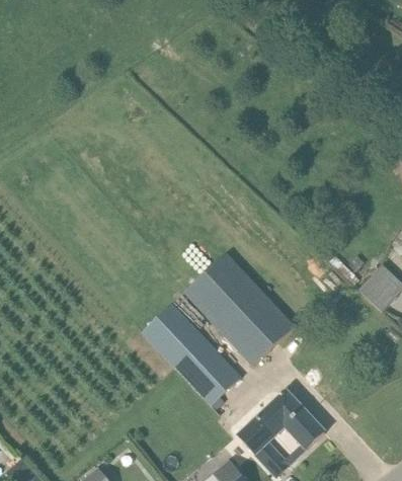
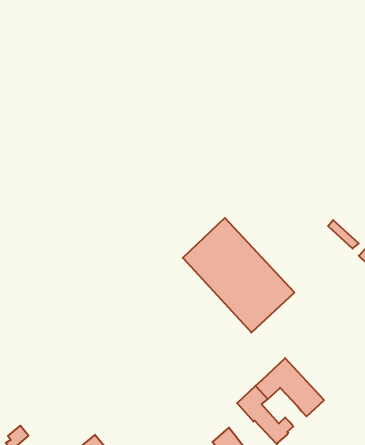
building: [142,303,241,405] -> none

